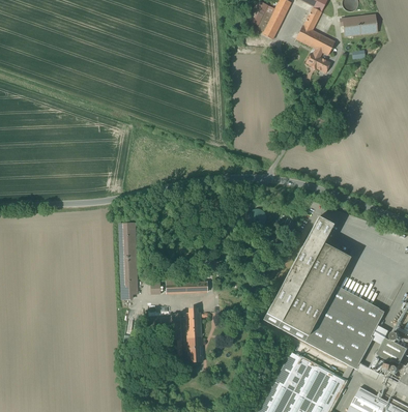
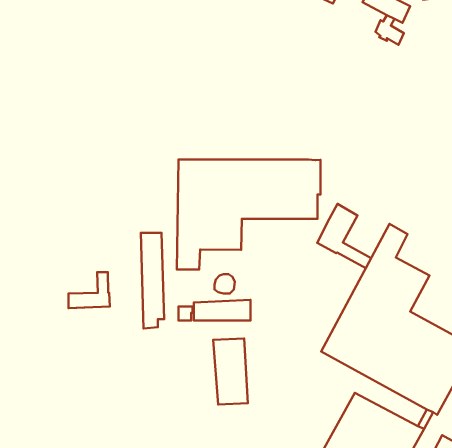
building: none -> [177,159,321,270]
building: none -> [317,204,371,268]
building: none -> [68,272,110,308]

